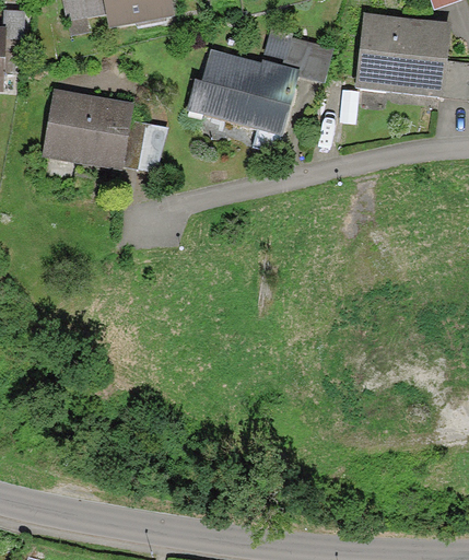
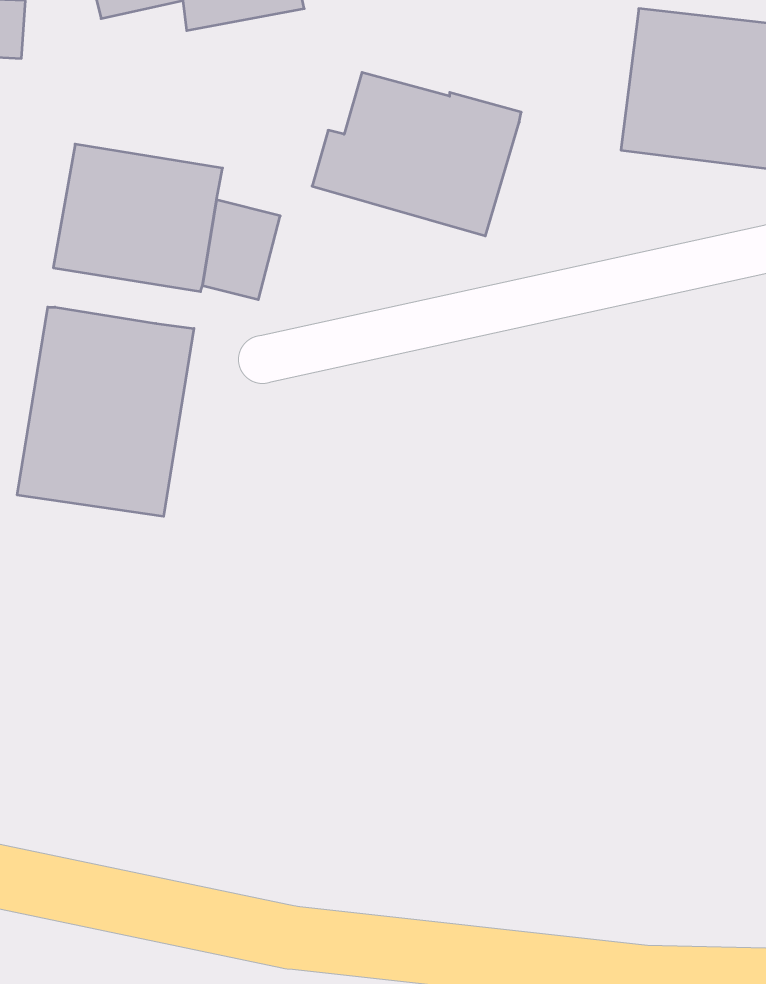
building: [260,23,333,83] -> none
building: none -> [17,307,194,516]

